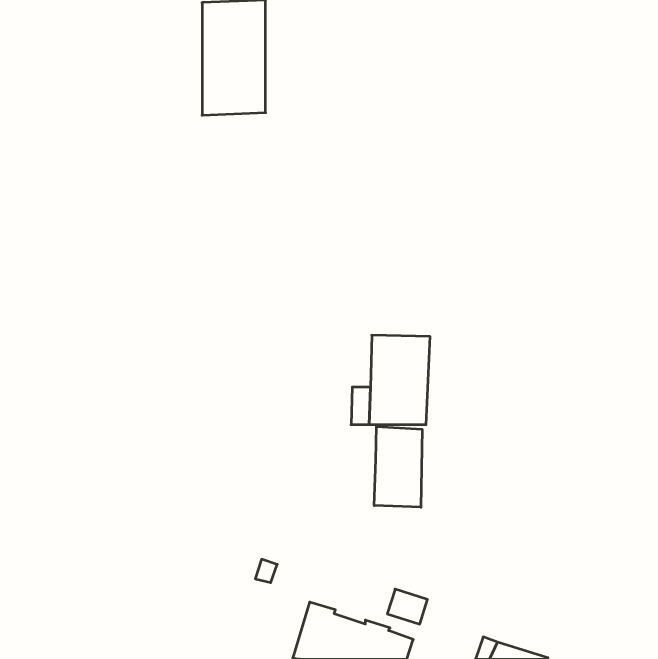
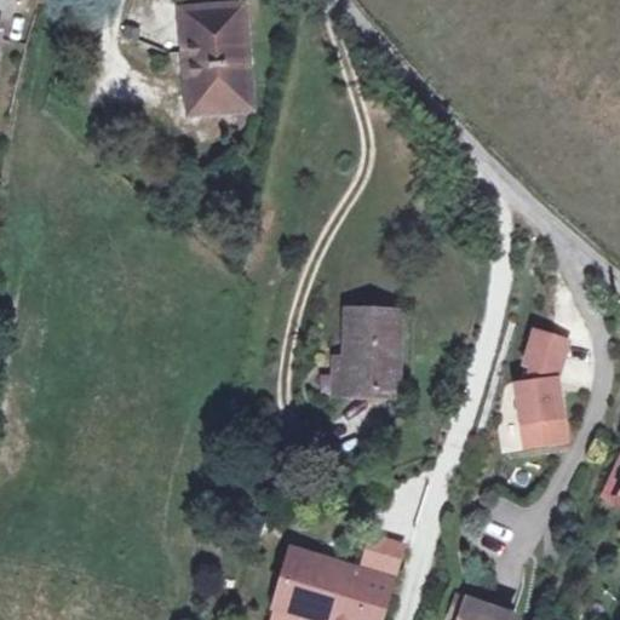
building: none -> [511,329,566,447]
building: [374,426,422,507] -> none

